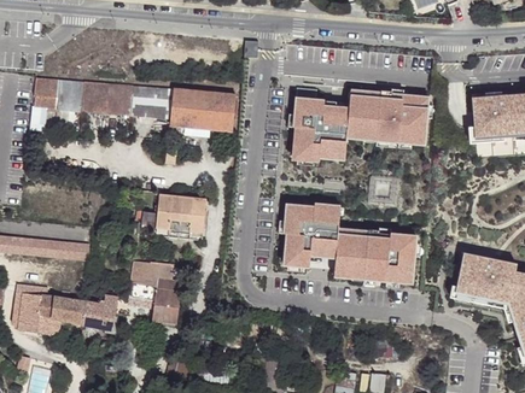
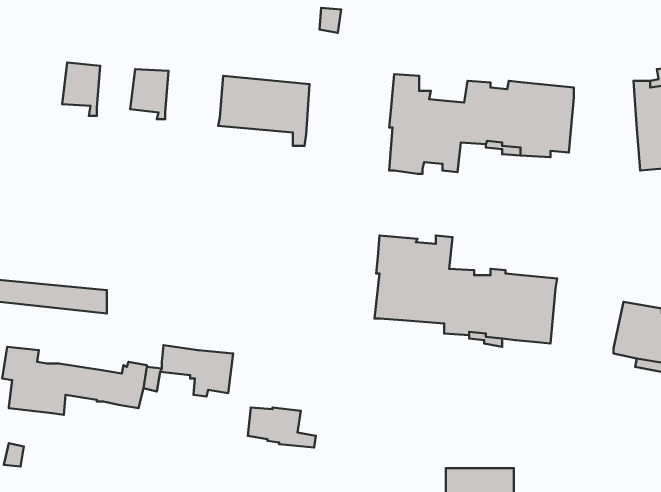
building: [34,77,60,108] -> none
building: [82,81,110,118] -> none
building: [132,84,174,122] -> none
building: [141,193,206,240] -> none
building: [133,260,182,289] -> [248,408,316,448]

